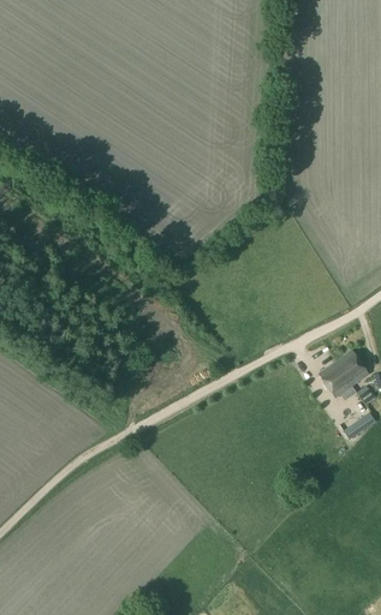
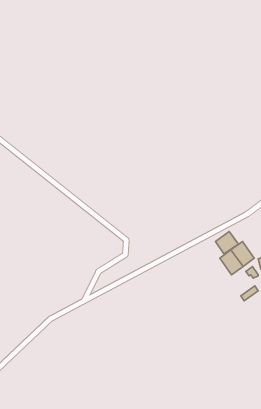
building: none -> [215,231,238,254]

